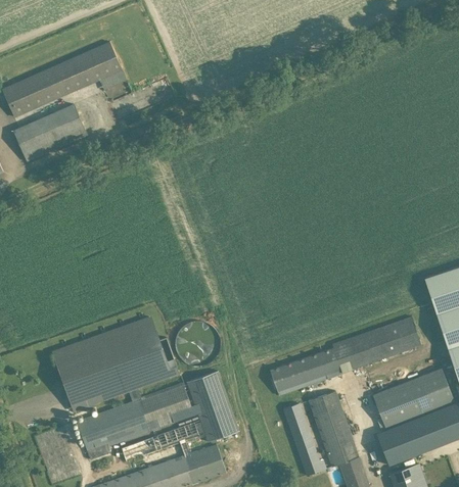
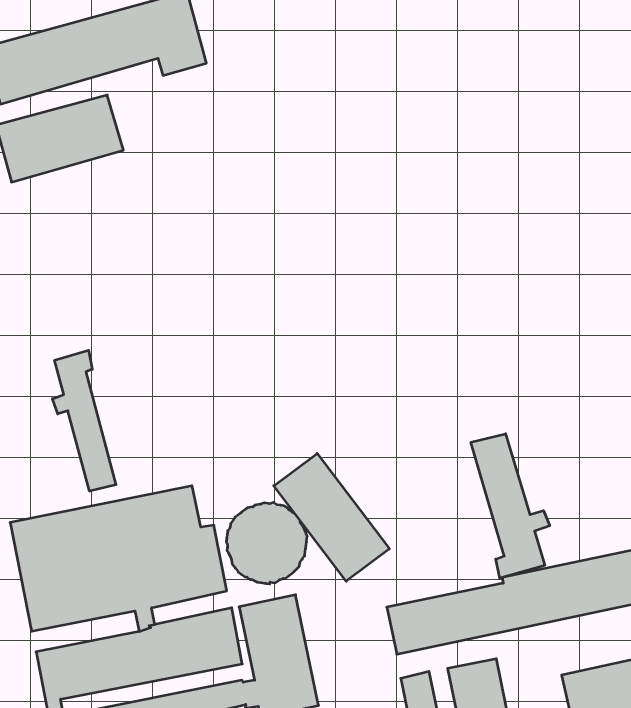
building: none -> [52,350,116,491]
building: none -> [471,434,550,578]
building: none -> [274,453,389,581]

